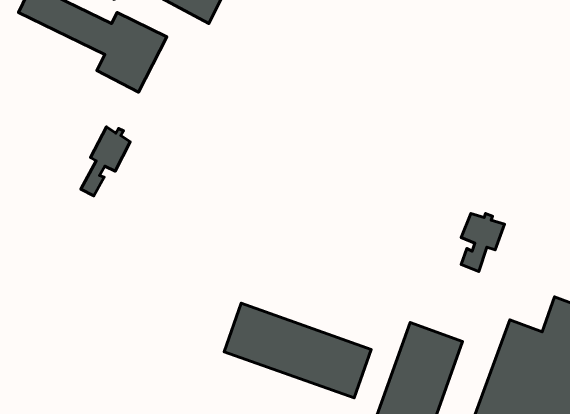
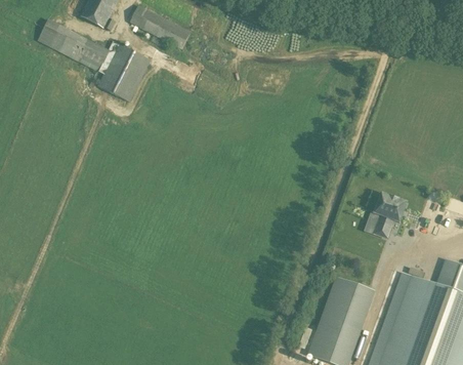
building: [81,127,130,196] -> none
building: [224,303,371,398] -> none

